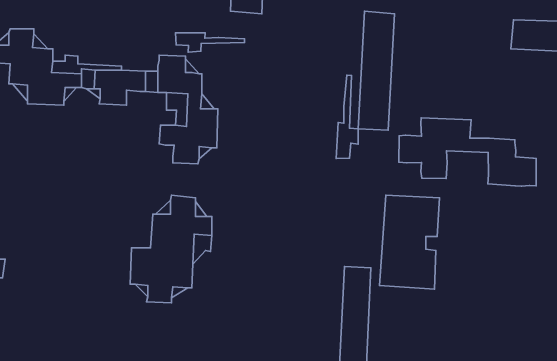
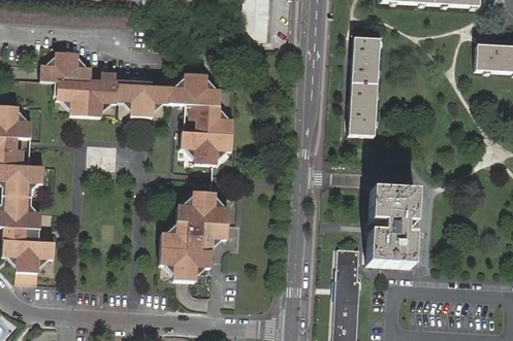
building: [175,33,245,52] -> none
building: [336,75,358,158] -> none
building: [399,118,536,186] -> none

